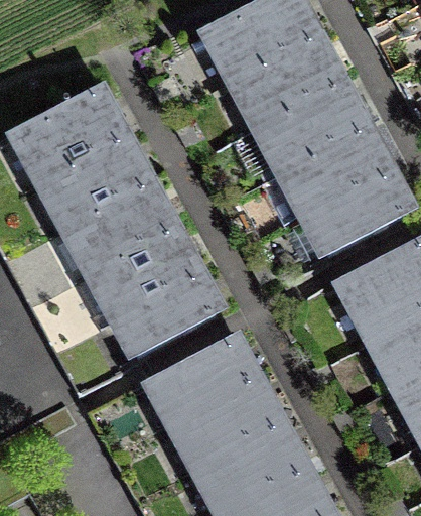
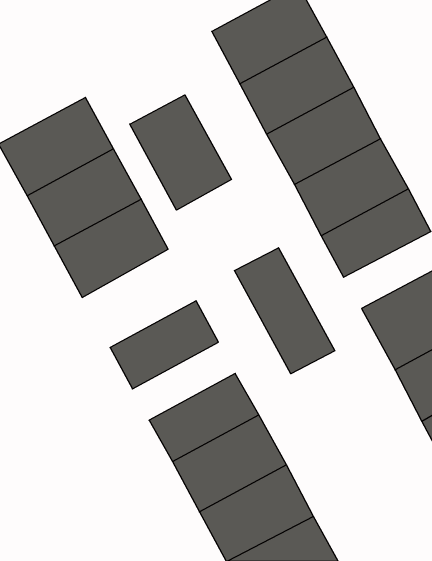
building: none -> [130,95,231,210]
building: none -> [234,248,335,374]
building: [92,228,194,316] -> none

